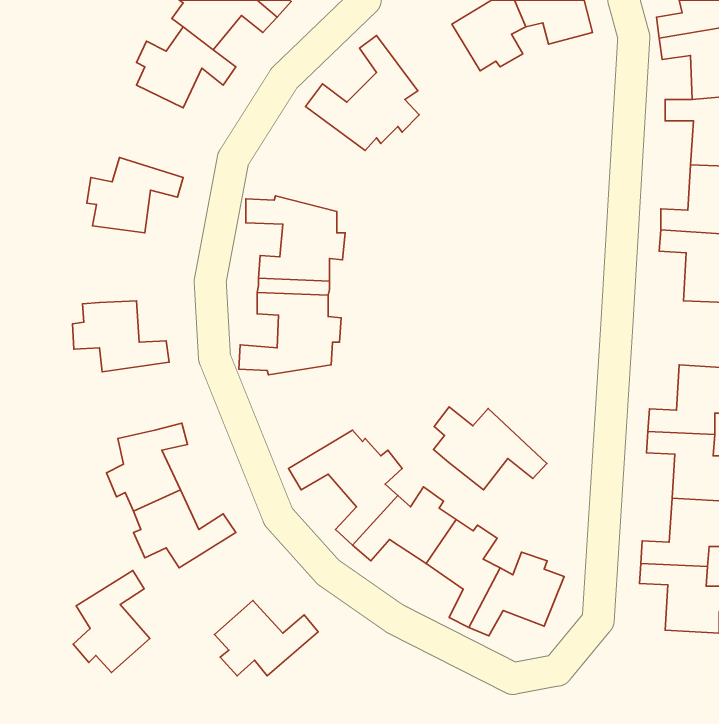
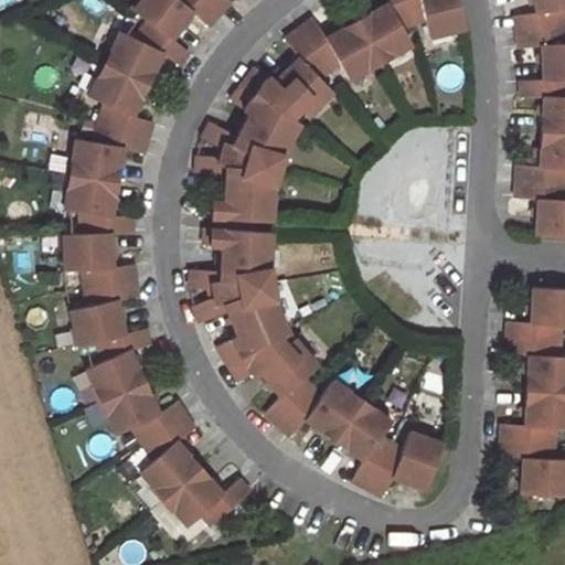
building: none -> [298,19,379,78]
building: none -> [88,67,153,139]
building: none -> [203,84,290,166]
building: none -> [64,177,134,236]
building: none -> [72,282,139,345]
building: none -> [194,285,282,365]
building: [433,407,547,490] -> none
building: [73,570,150,673] -> [142,415,202,494]

